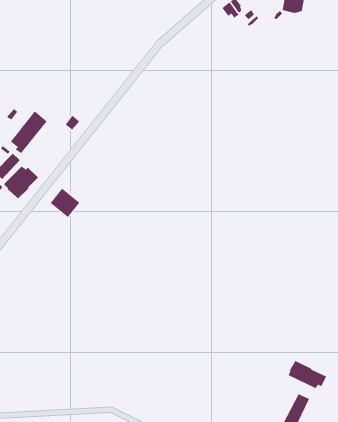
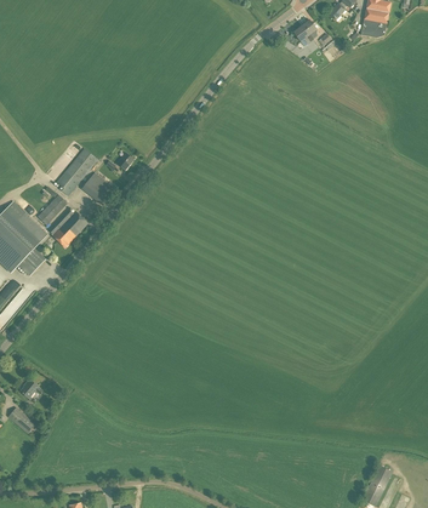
building: [50,188,80,218] -> [81,171,115,205]
building: [288,360,327,389] -> none

